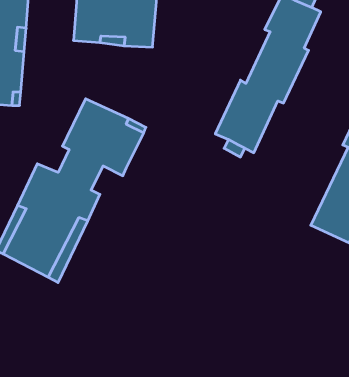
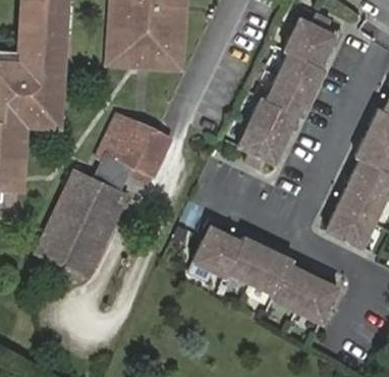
building: none -> [193,225,339,322]

